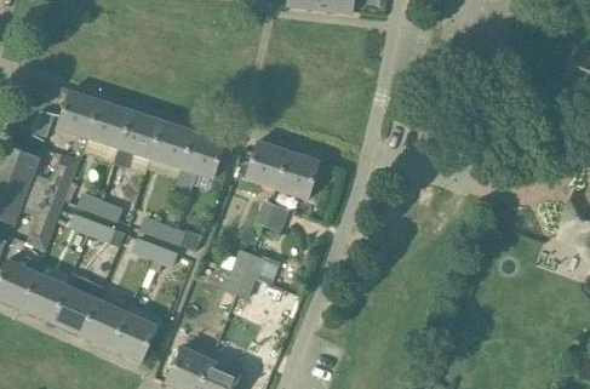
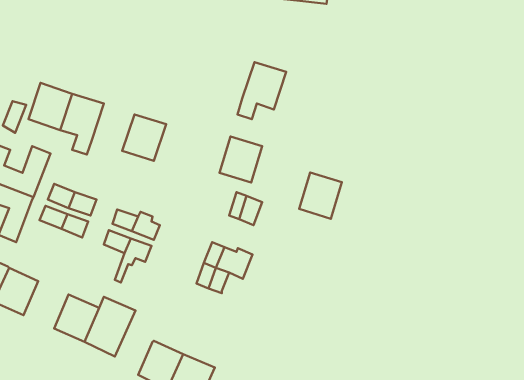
building: [115,110,162,166] -> none
building: [177,131,225,188] -> [237,62,286,119]
building: [279,153,321,199] -> [299,172,342,219]
building: [52,287,97,334] -> none

